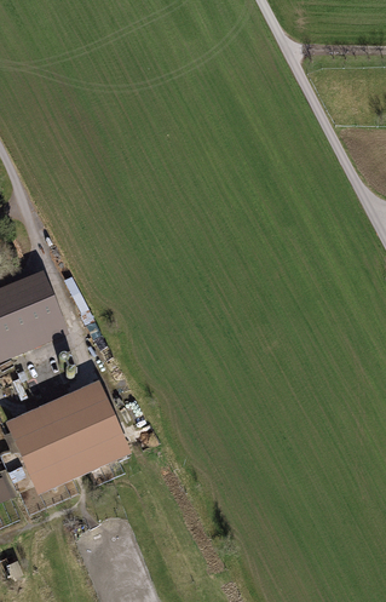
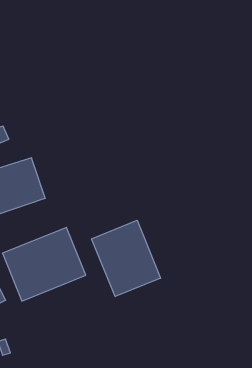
building: none -> [92,220,161,297]

